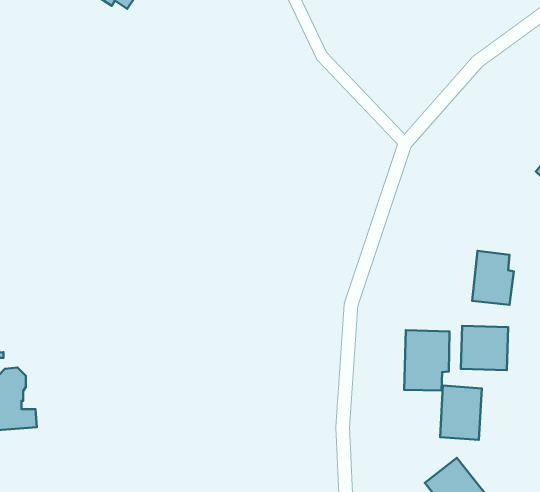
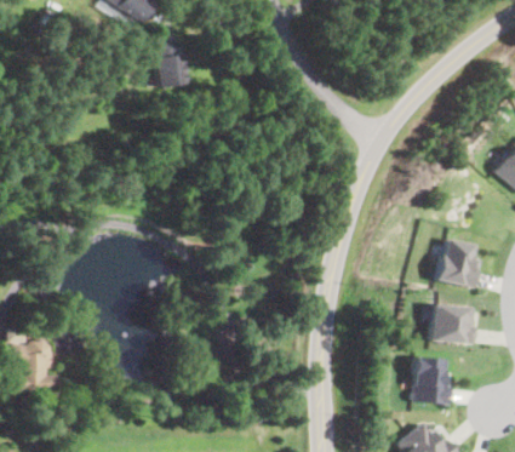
building: none -> [156,40,189,88]
building: [404,330,450,390] -> none

